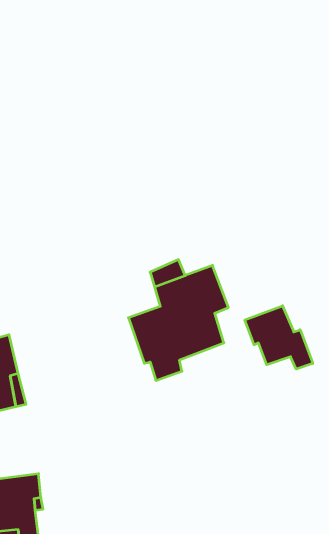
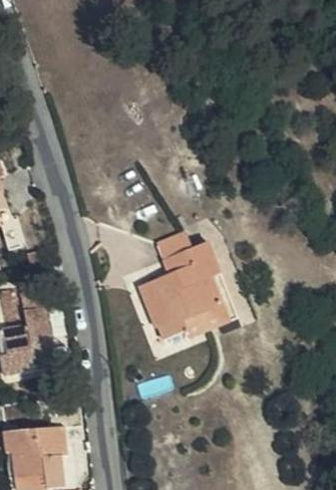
building: [245,306,313,369] -> none

